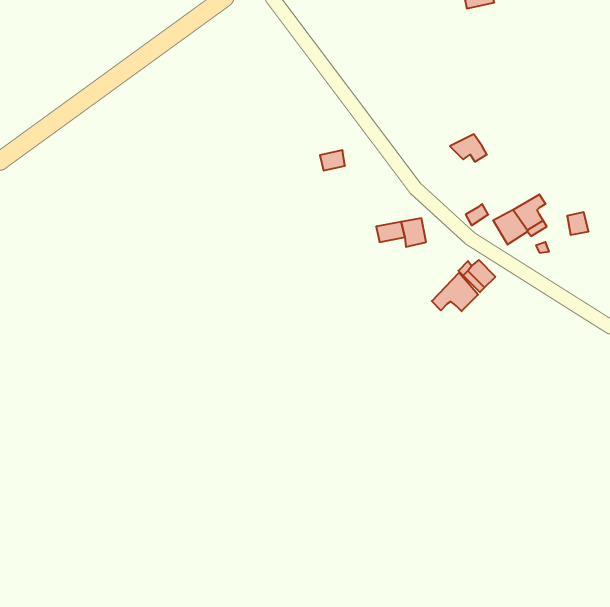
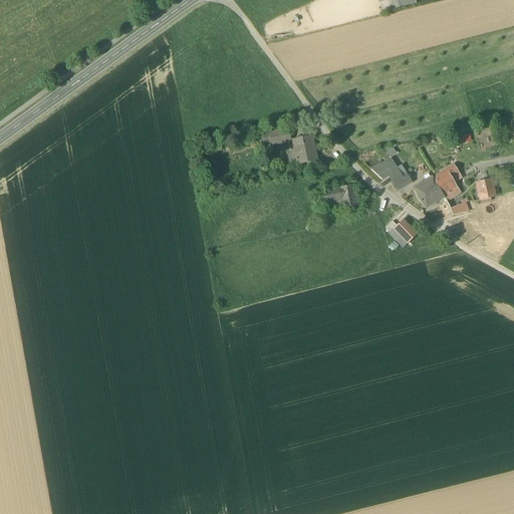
building: [450,134,487,162] -> [370,158,402,181]
building: none -> [292,135,316,163]
building: [432,273,478,311] -> none

